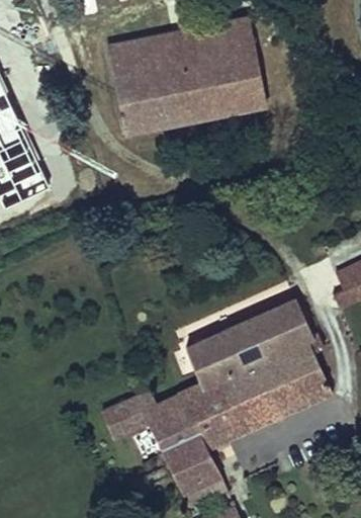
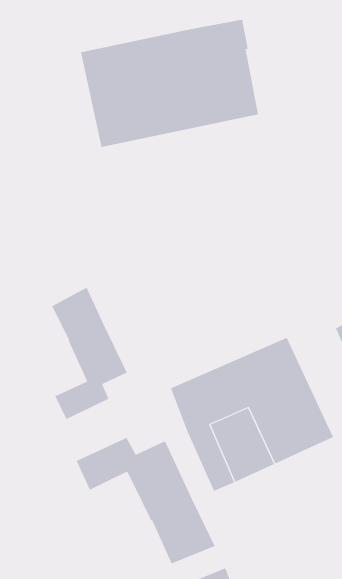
building: none -> [51,287,128,420]
building: [183,384,225,446] -> none

